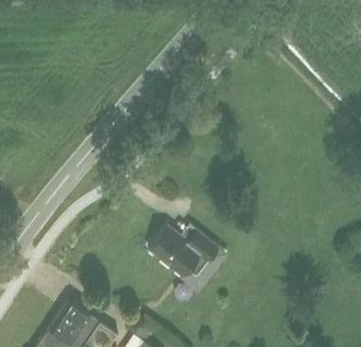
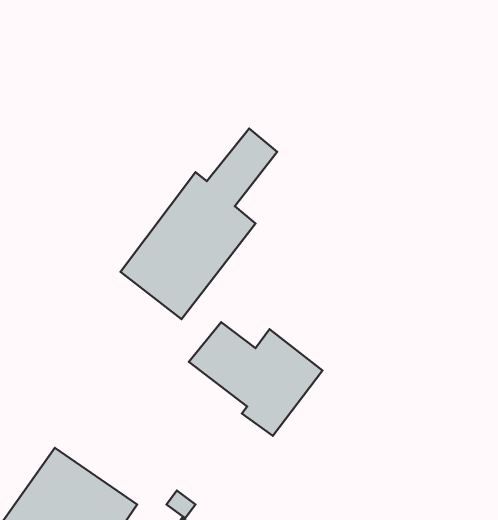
building: none -> [120,128,277,319]

